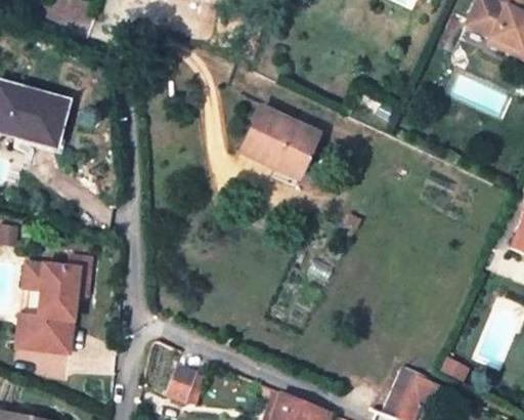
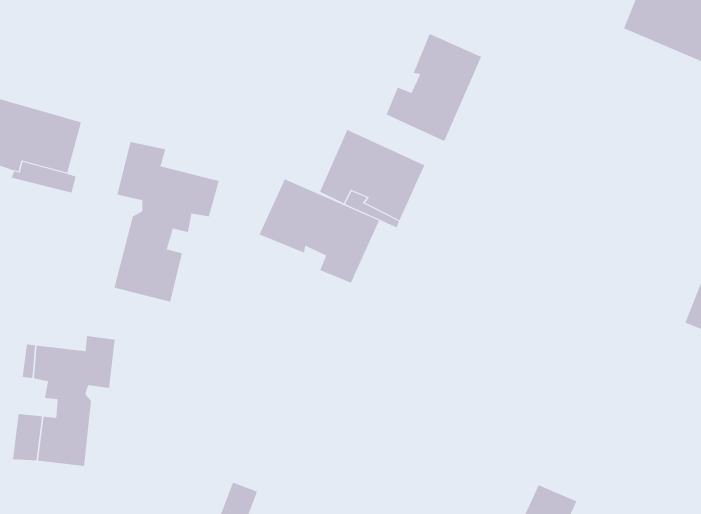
building: none -> [386,33,482,142]
building: none -> [114,141,220,302]
building: none -> [259,178,380,283]

